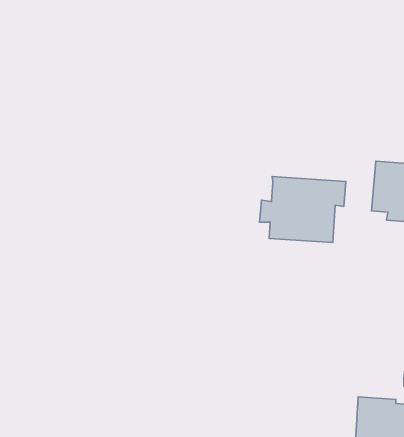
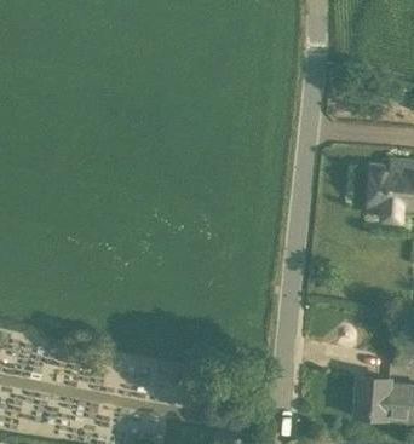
building: [260,176,346,242] -> none

